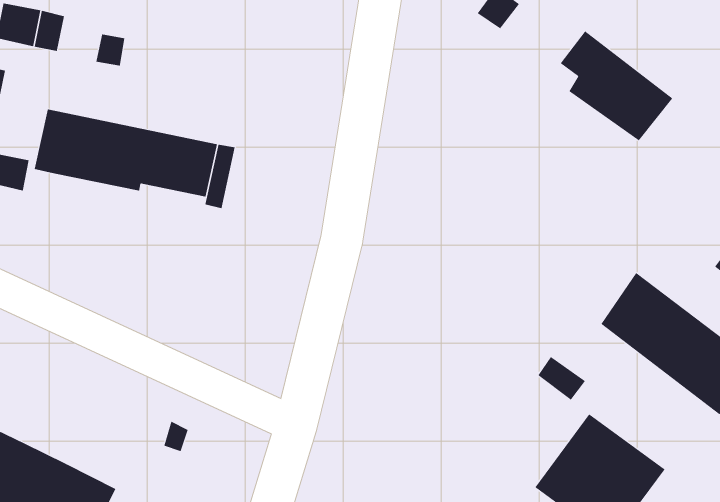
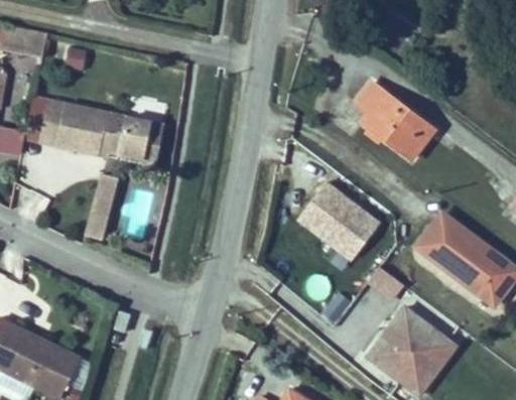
building: [560,31,673,141] -> [354,83,431,158]
building: none -> [82,174,119,239]
building: none -> [297,180,381,258]

